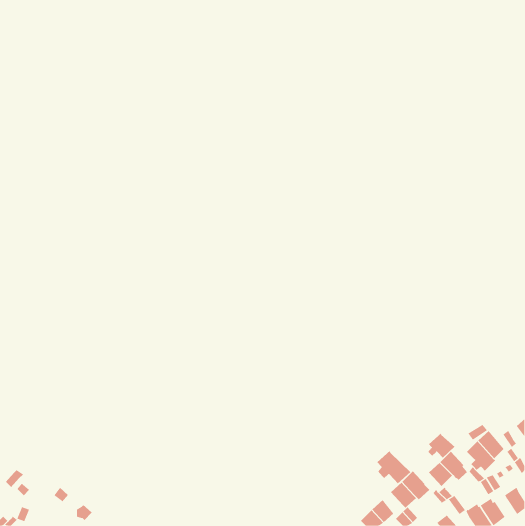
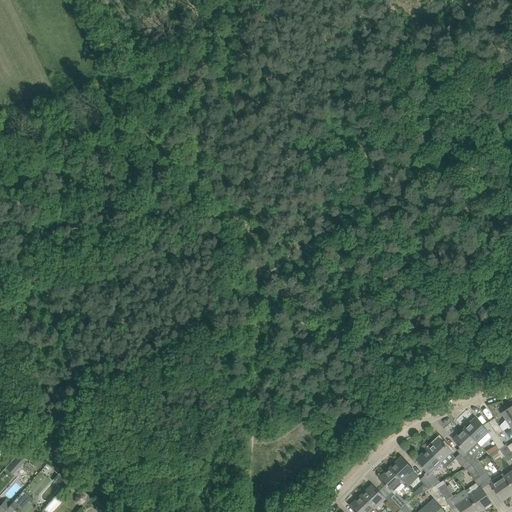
building: [428,432,455,458] -> none
building: [377,450,411,484] -> none

